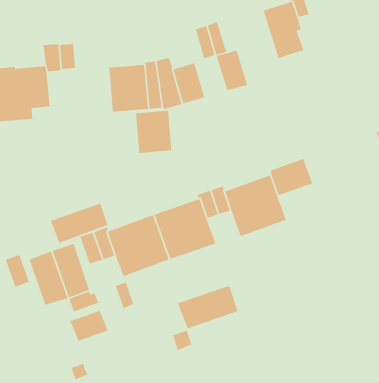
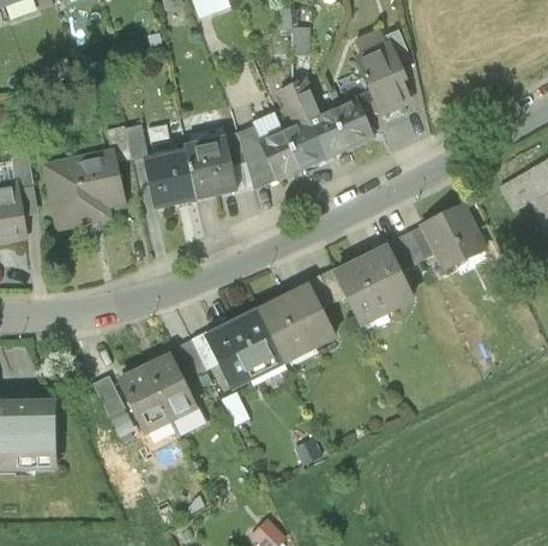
building: none -> [331,90,378,148]
building: none -> [284,118,325,168]
building: [135,110,172,154] -> [147,151,195,206]
building: none -> [423,204,484,268]
building: [50,202,109,244] -> none
building: [177,285,238,330] -> none
building: [69,310,109,342] -> none

